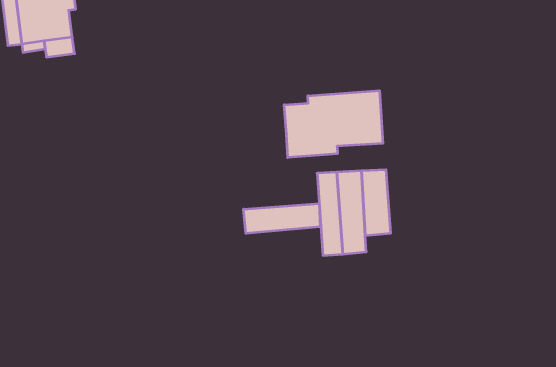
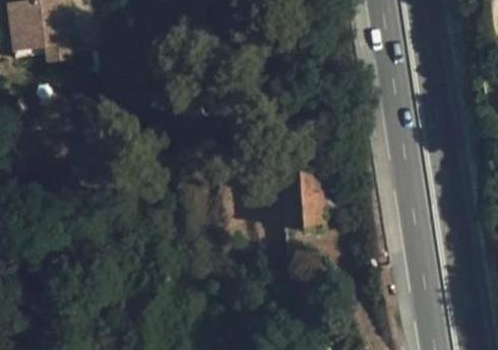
building: [284,91,383,158] -> none
building: [244,204,320,233] -> none

